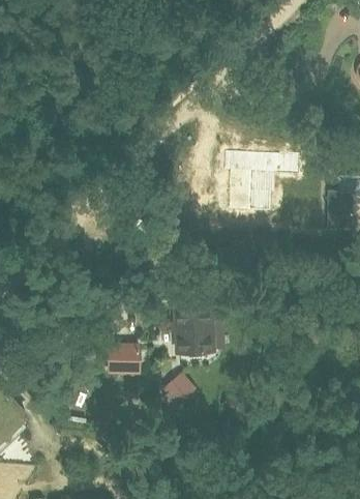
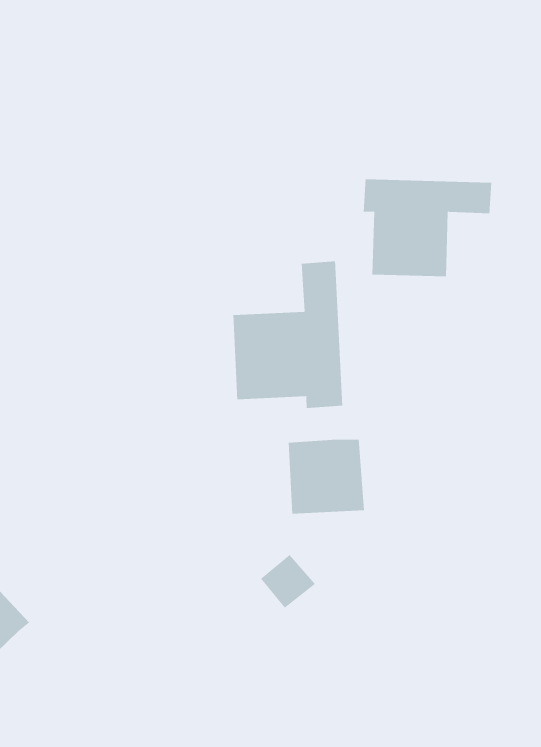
building: none -> [233,261,343,409]
building: [108,348,147,371] -> none

